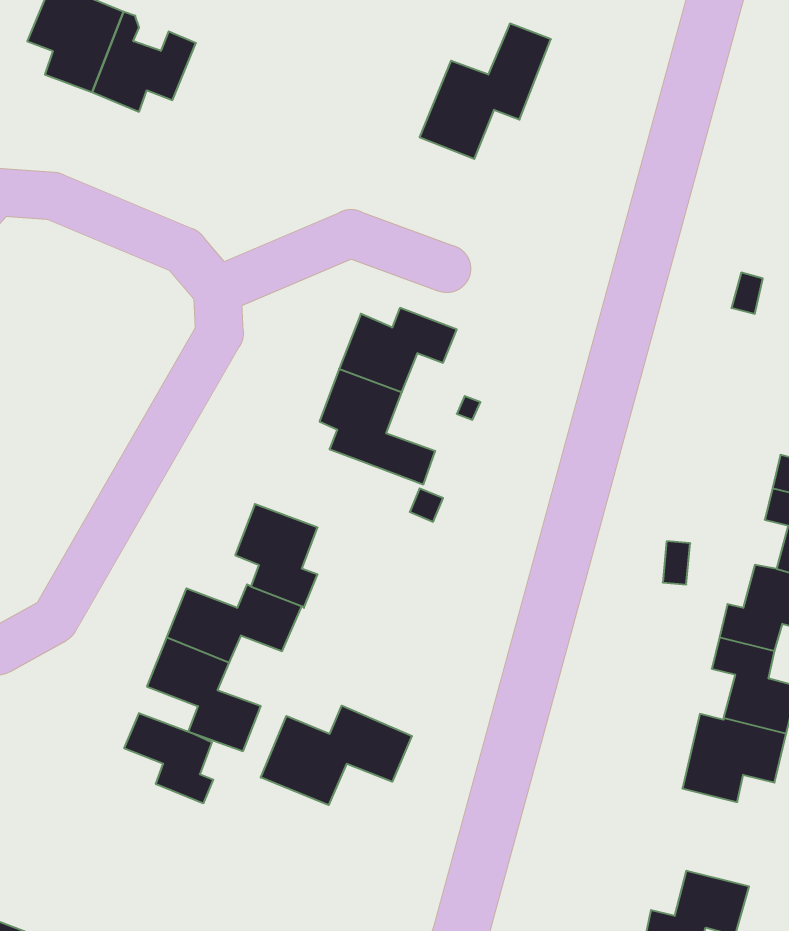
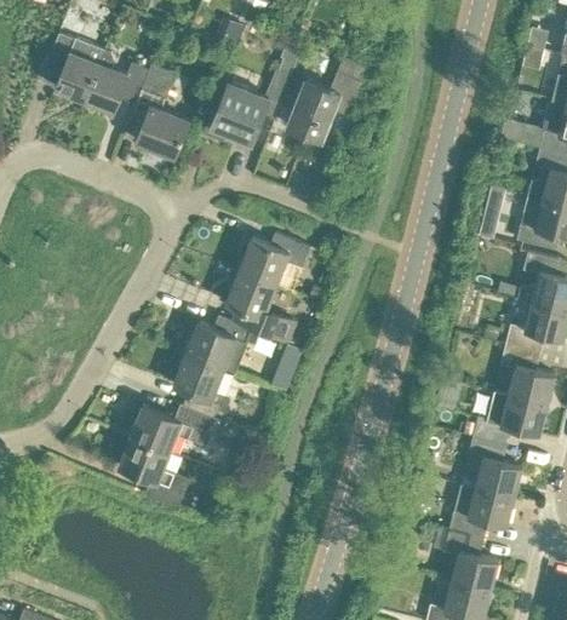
building: none -> [136,64,189,157]
building: none -> [201,70,292,145]
building: none -> [185,315,251,369]
building: [261,706,412,805] -> none
building: [124,713,213,803] -> none
building: none -> [443,530,498,591]

